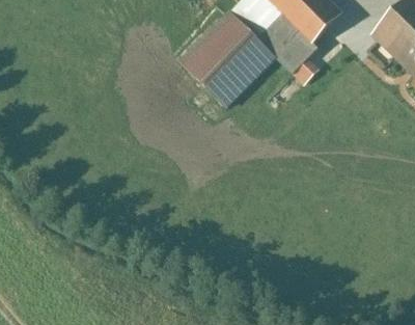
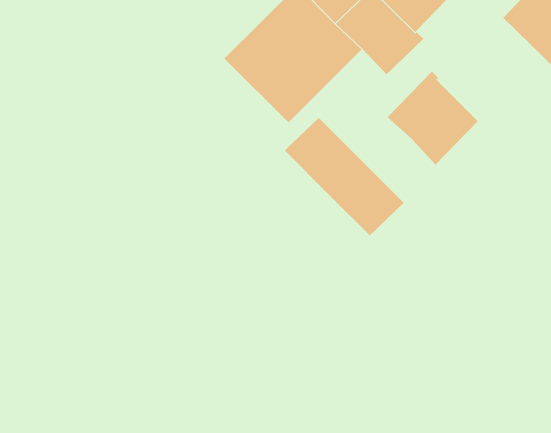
building: none -> [387,71,478,165]
building: none -> [284,117,405,236]

